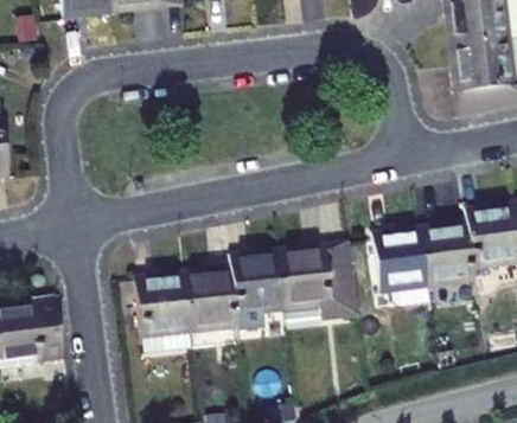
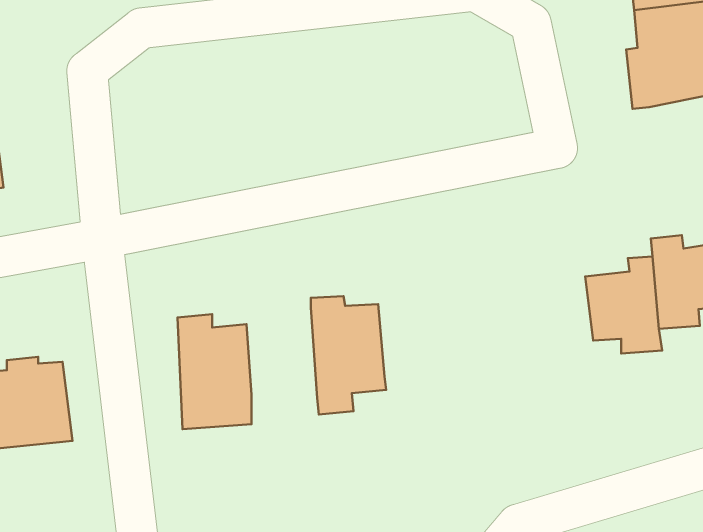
building: [384,230,436,306] -> none
building: [280,241,364,322] -> none
building: [185,258,236,326] -> none

